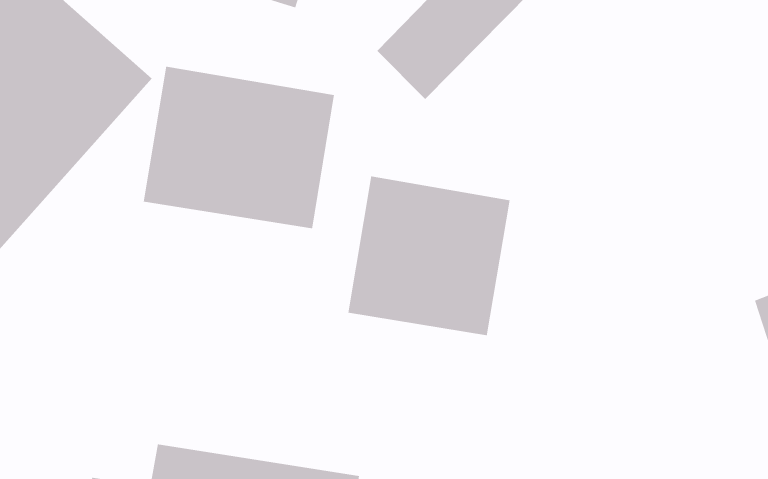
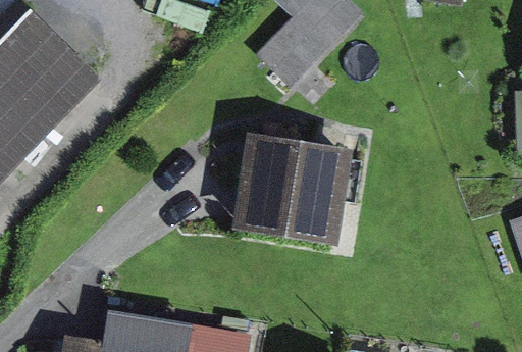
building: [143,66,335,229] -> none

